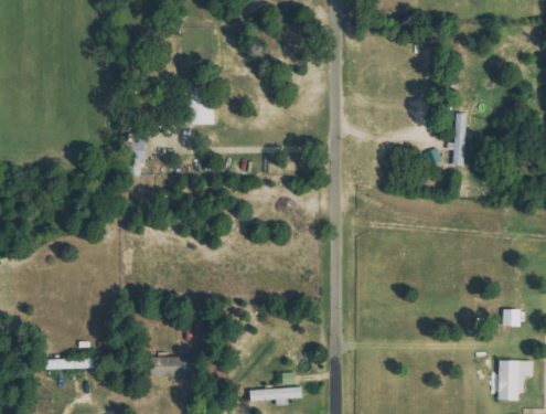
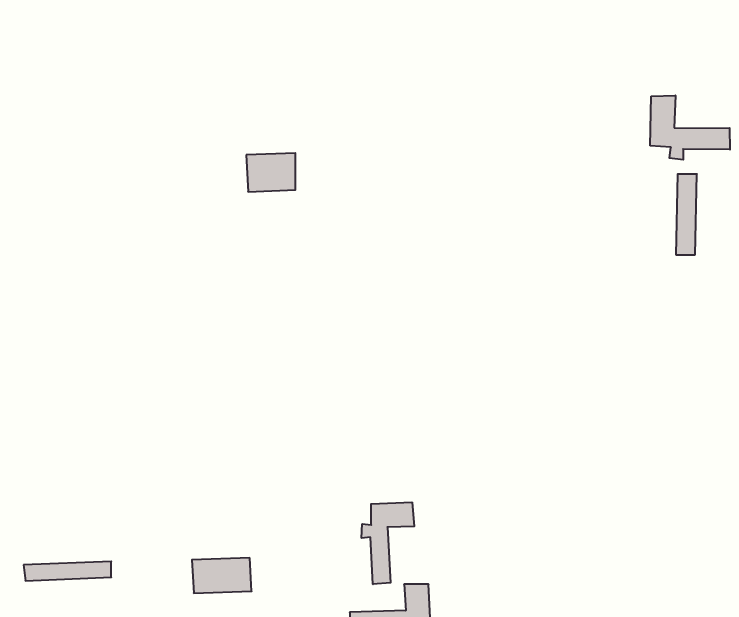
building: none -> [650,95,730,160]
building: none -> [362,502,414,584]

